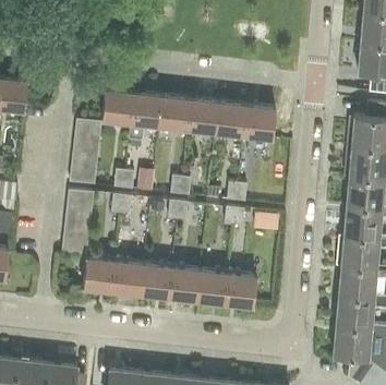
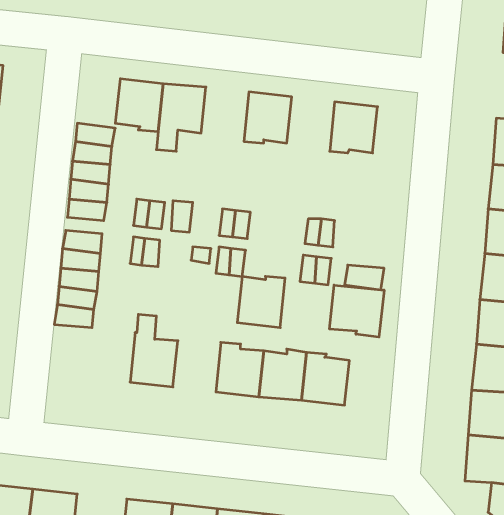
building: [158,96,190,132] -> none
building: [215,103,246,139] -> none
building: none -> [330,285,384,337]
building: [83,257,114,291] -> none
building: [140,264,171,298] -> [237,276,285,328]

